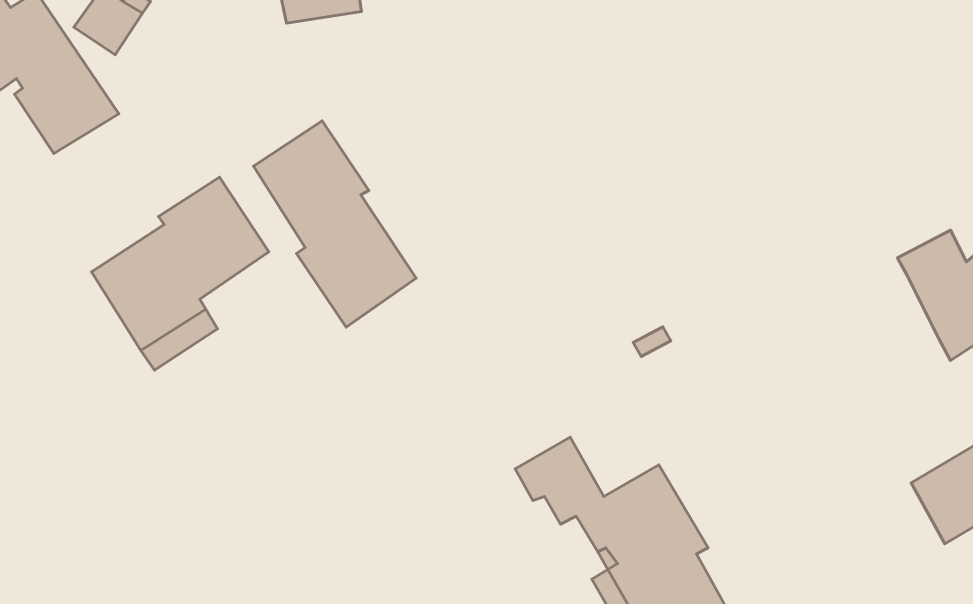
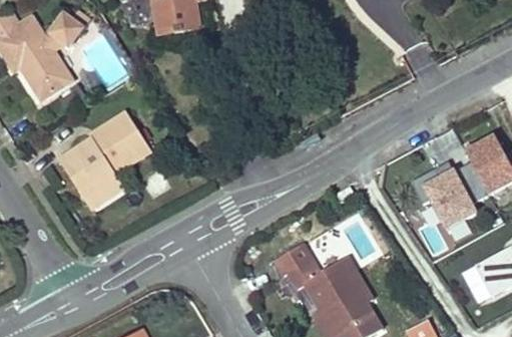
building: [253,121,416,327] -> none
building: none -> [417,161,490,229]

